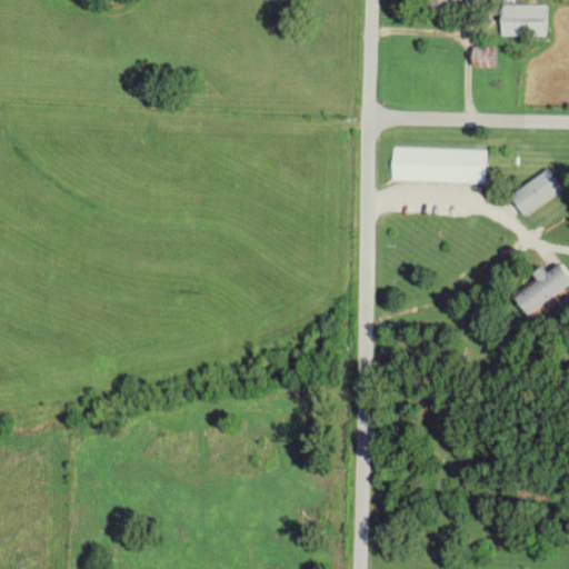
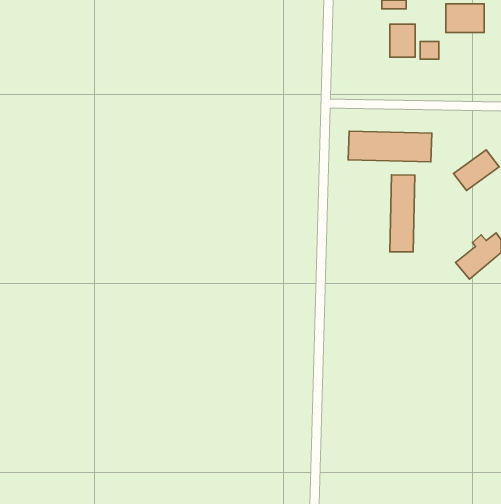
building: none -> [390,24,415,57]
building: none -> [390,175,415,252]

